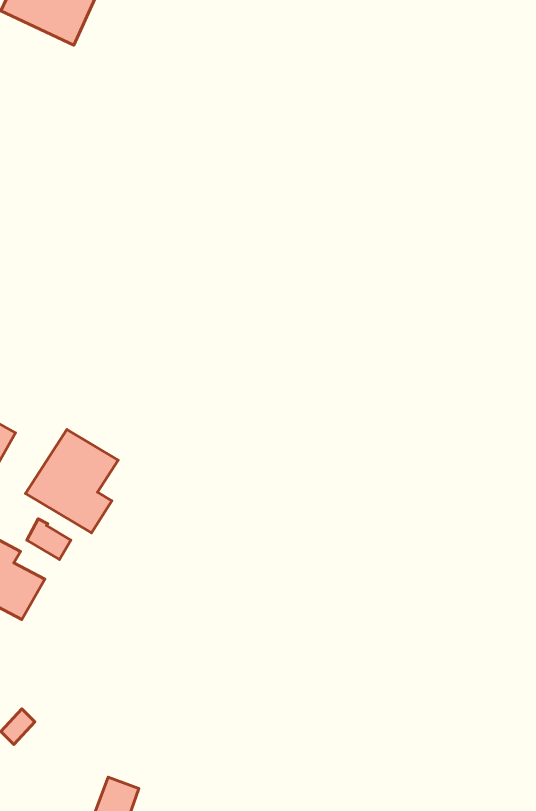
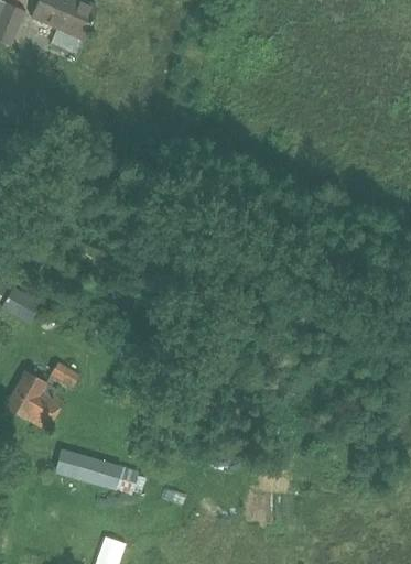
building: [26,430,118,533] -> none
building: none -> [55,451,138,492]

